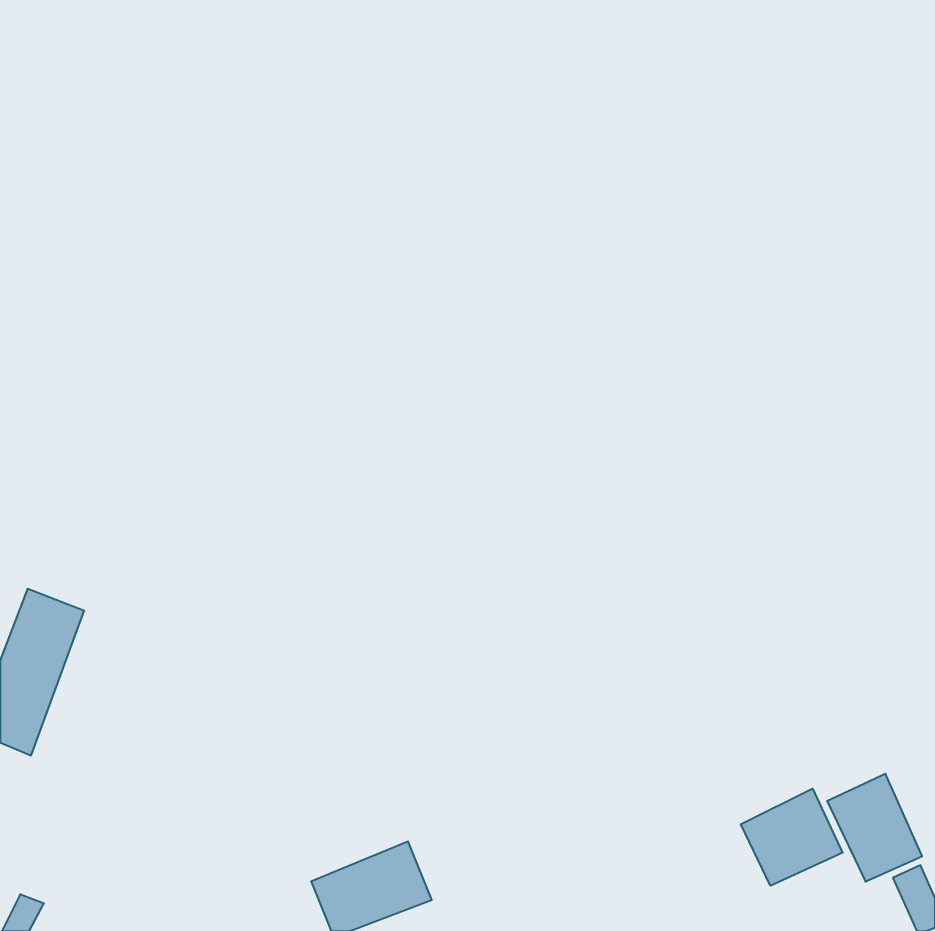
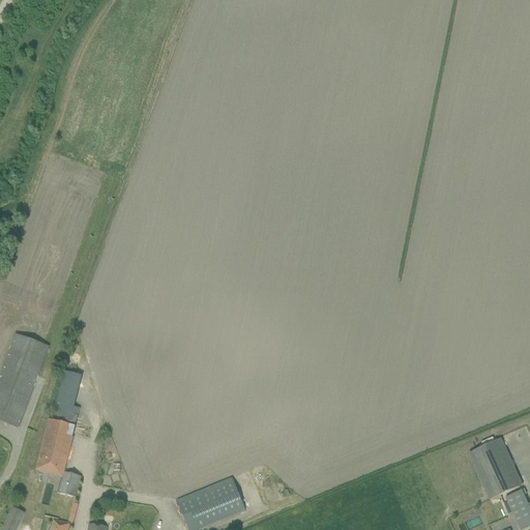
building: none -> [34,371,82,497]
building: [741,789,843,886] -> none

